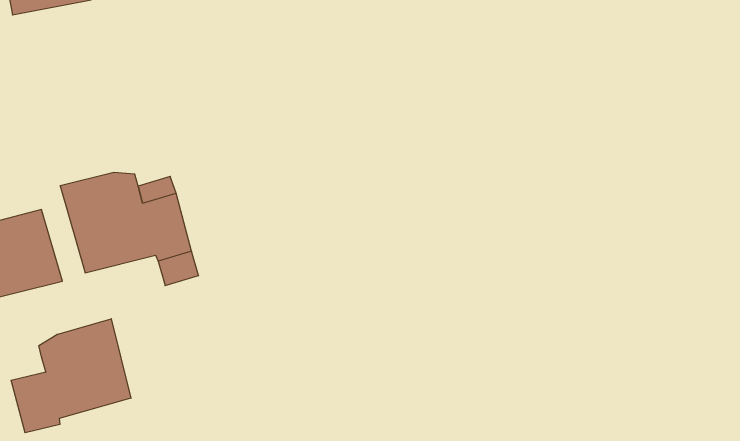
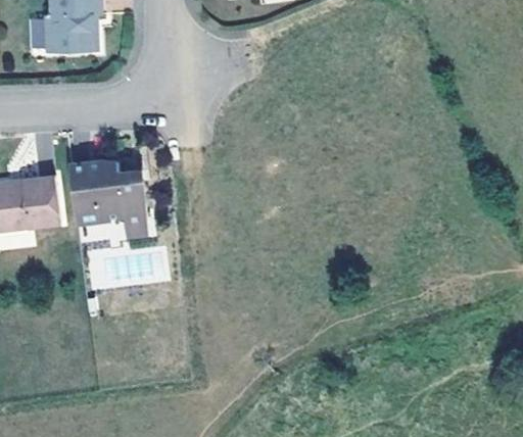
building: [11,319,131,433] -> none

